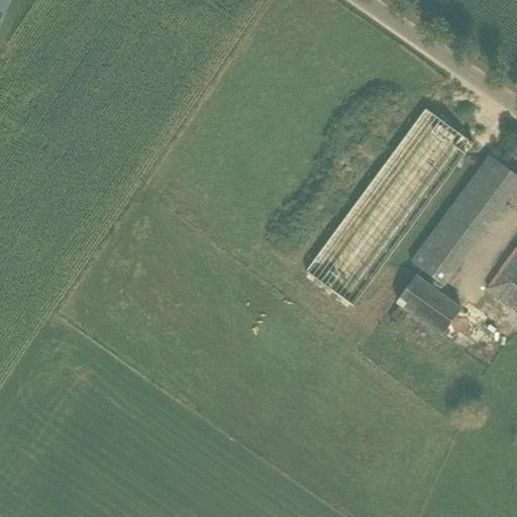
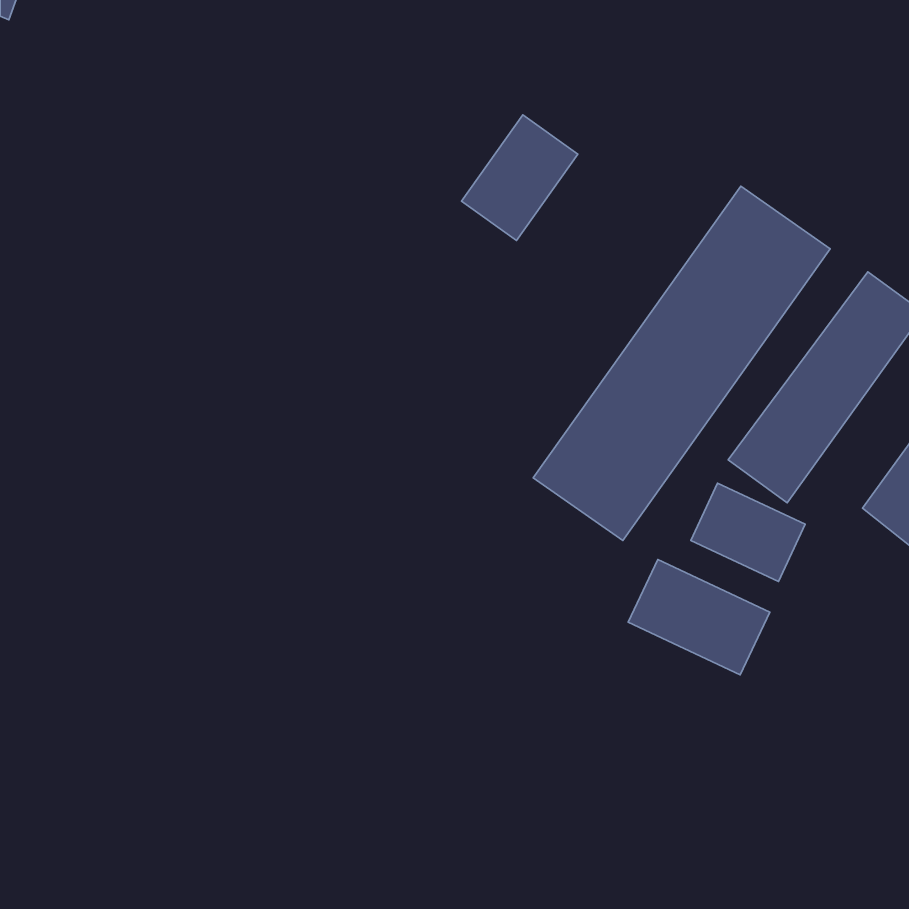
building: none -> [461,115,578,241]
building: none -> [628,560,770,675]

